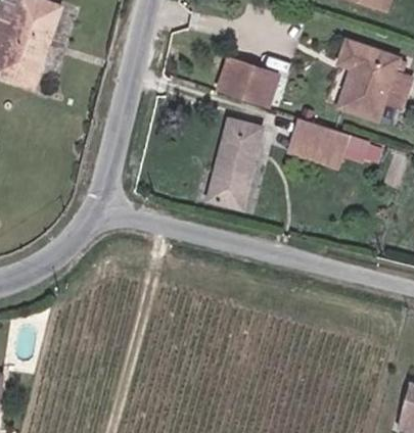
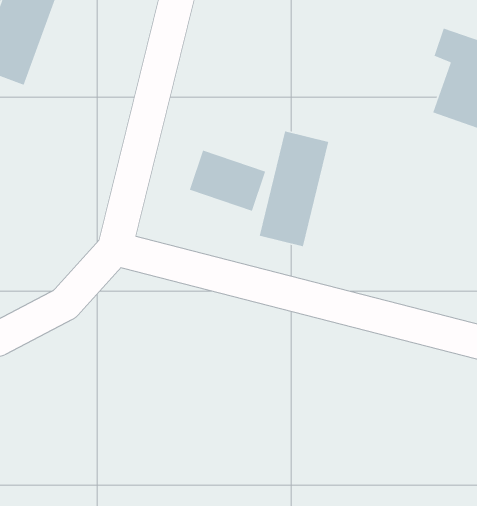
building: [215,59,273,106] -> [189,150,266,212]
building: [288,118,368,166] -> none

